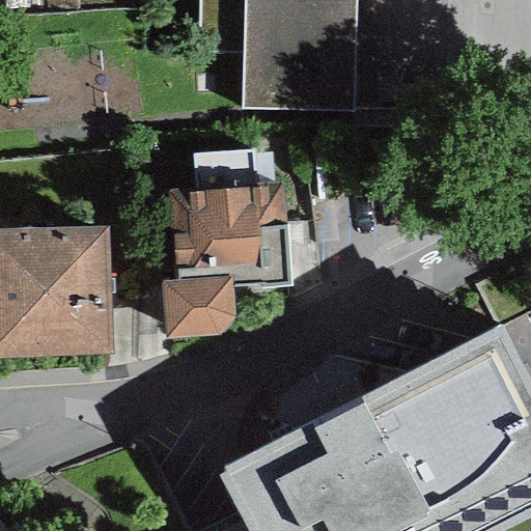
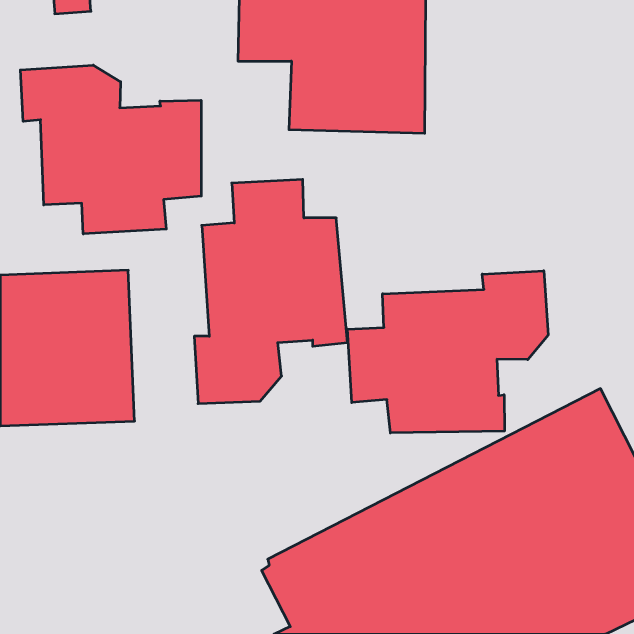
building: none -> [20,65,201,234]
building: none -> [347,271,548,433]

